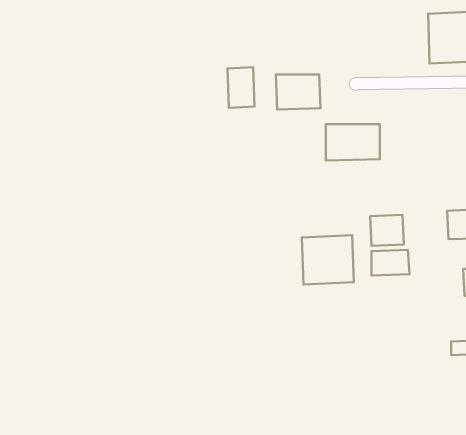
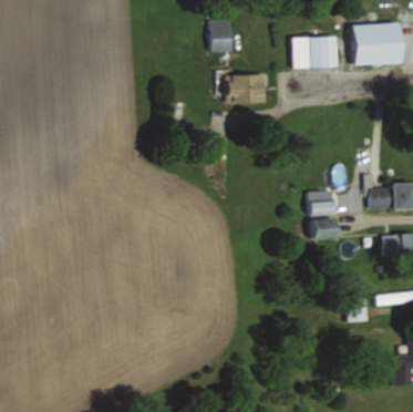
building: [228,67,255,108] -> [210,18,233,51]
building: [326,124,380,160] -> [289,38,333,68]
building: [302,235,354,285] -> none

